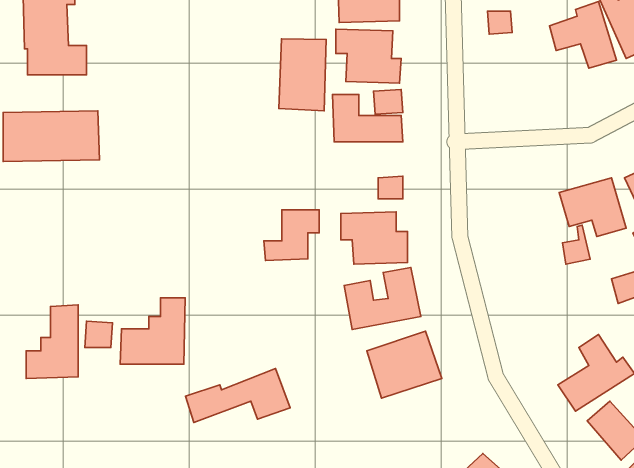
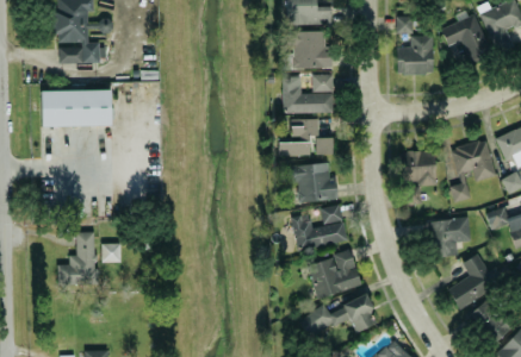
building: none -> [397,35,434,74]
building: [279,39,326,111] -> none
building: none -> [403,150,436,203]
building: [264,210,319,261] -> [278,119,318,156]
building: none -> [429,218,471,256]
building: [120,298,185,364] -> none
building: [186,369,290,422] -> [302,295,378,334]

